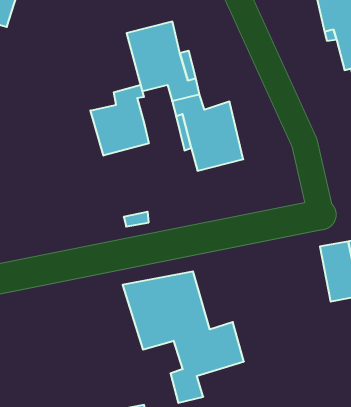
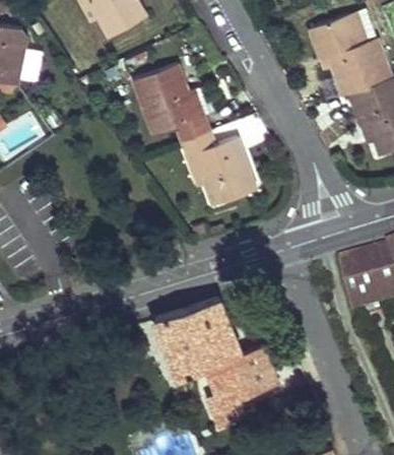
building: [90,85,149,156] -> none

